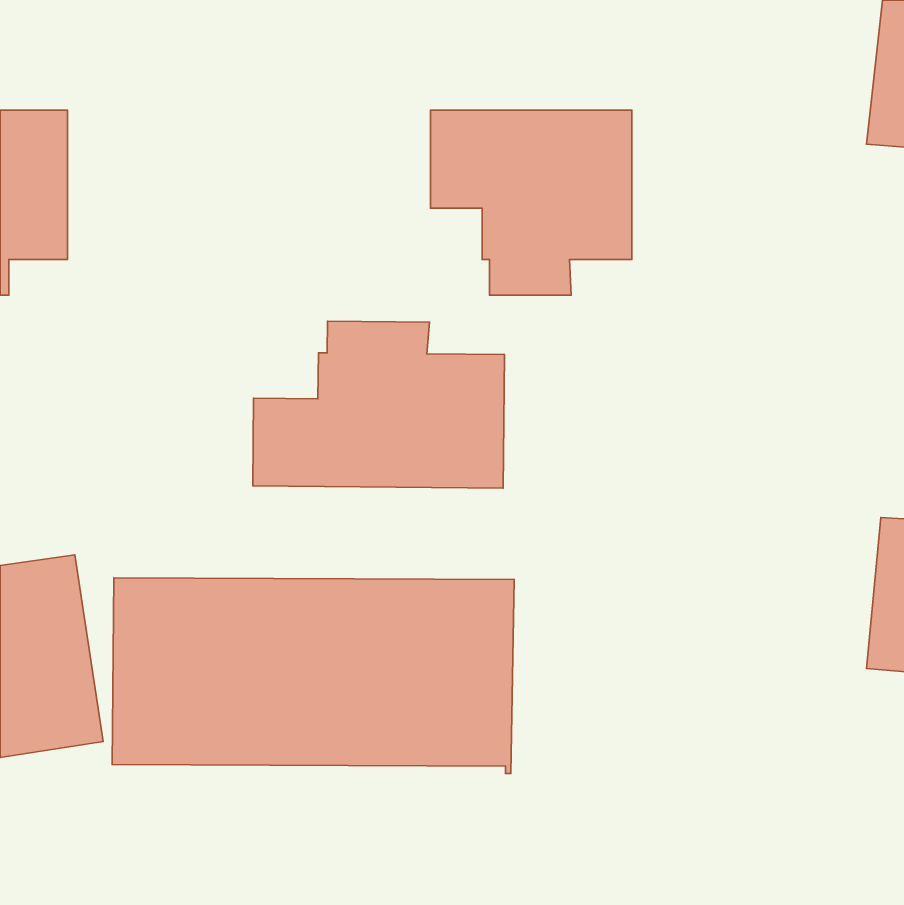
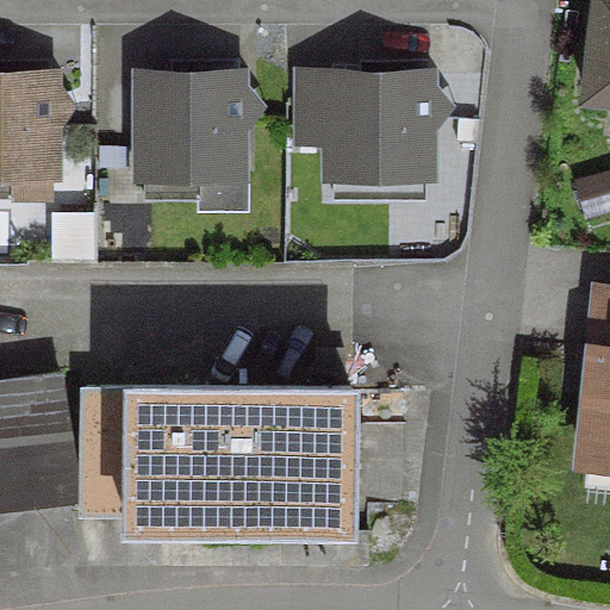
building: none -> [137,76,237,201]
building: [253,321,504,488] -> none

